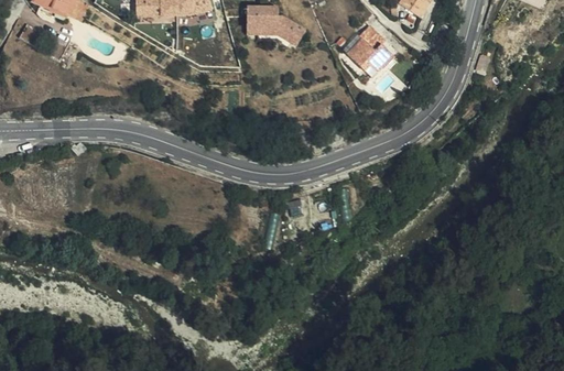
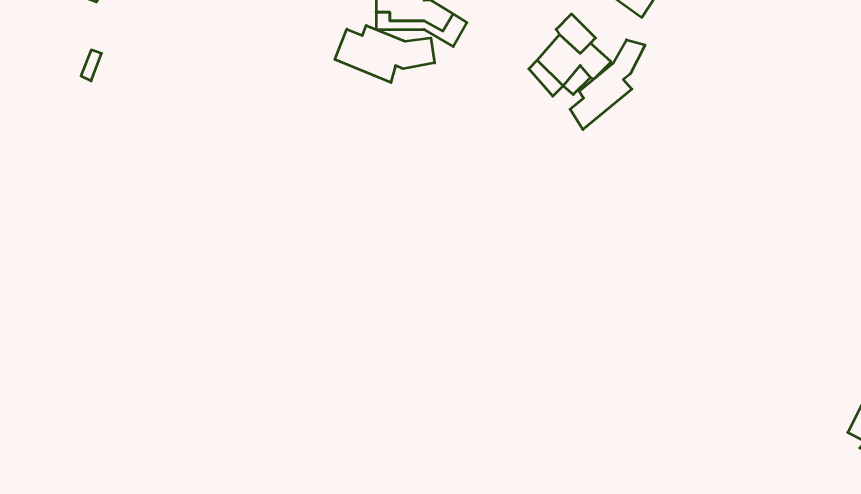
building: none -> [335,25,435,83]
building: none -> [570,40,645,130]

